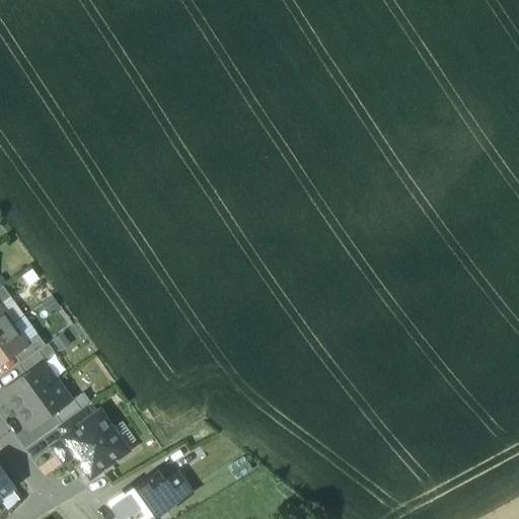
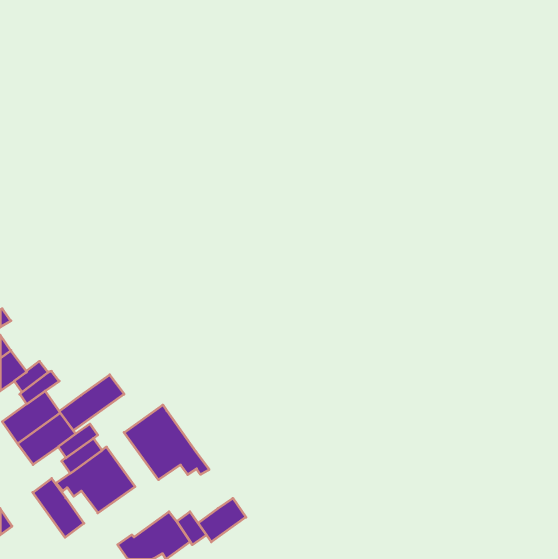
building: none -> [59,375,124,431]
building: none -> [124,405,209,480]
building: none -> [33,478,84,537]
building: none -> [198,498,246,542]

